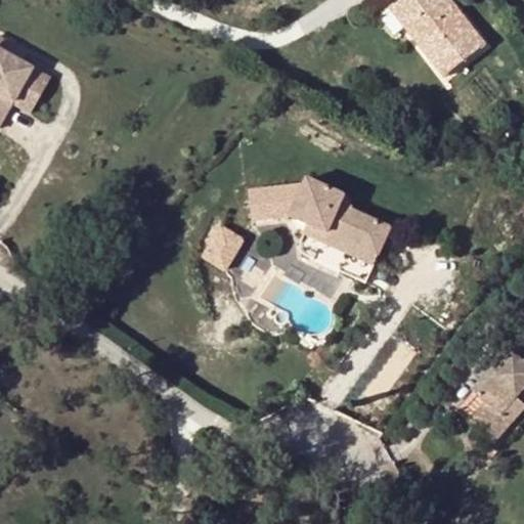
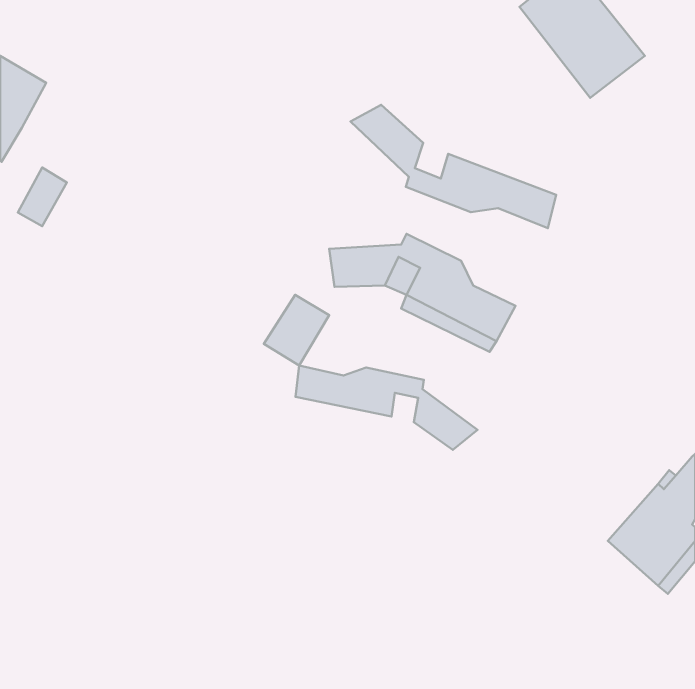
building: [16,62,53,106] -> [18,168,67,226]
building: none -> [350,105,556,228]
building: none -> [296,366,477,450]

